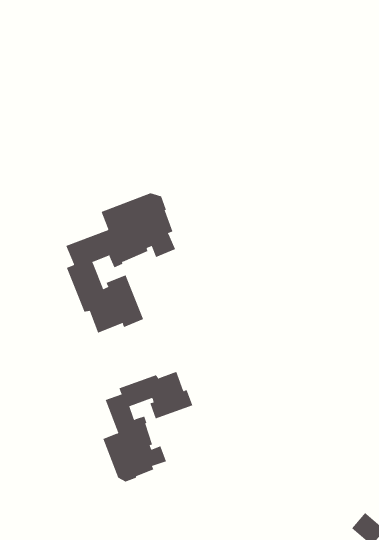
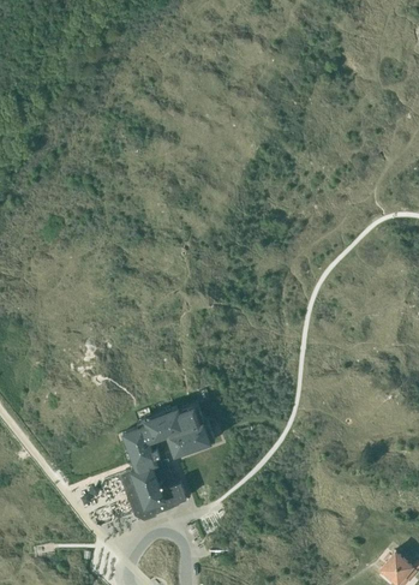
building: [66,192,176,334] -> none

